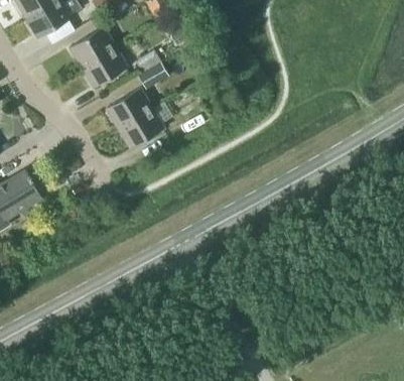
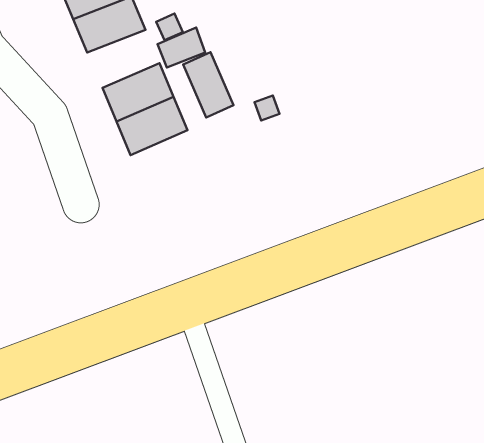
building: none -> [183,52,233,117]

